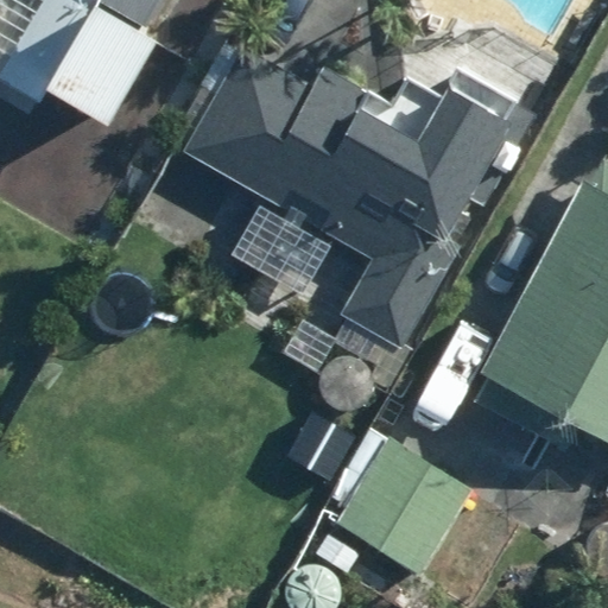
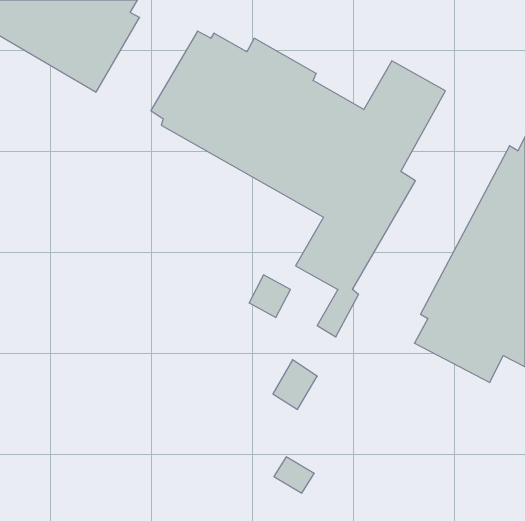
building: [338,439,475,577] -> none

